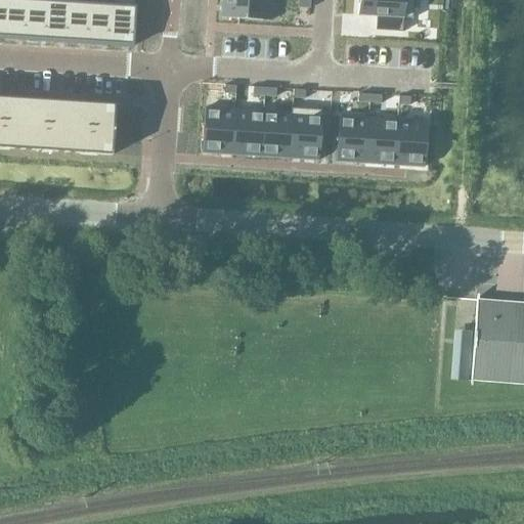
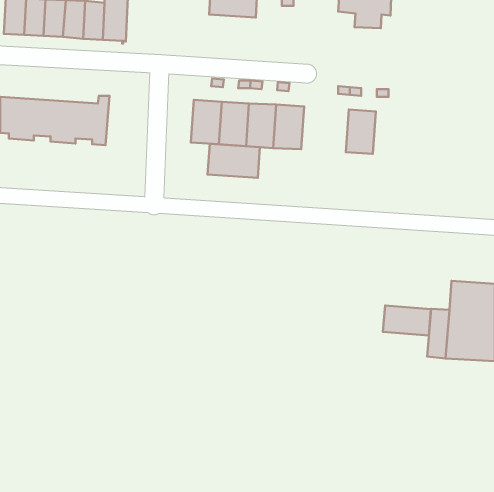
building: [337,114,369,161] -> none
building: [395,118,428,165] -> none
building: none -> [208,144,260,178]
building: none -> [383,305,431,335]

